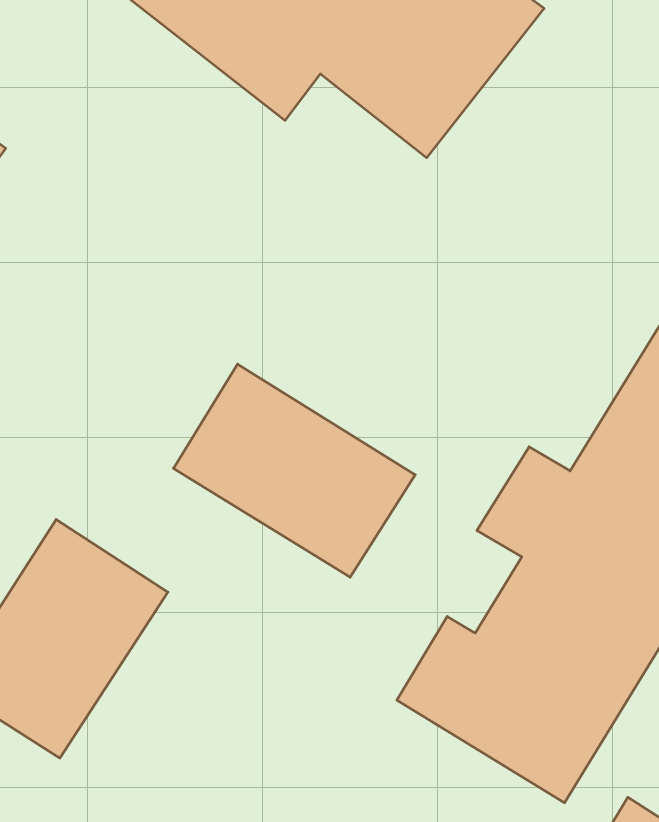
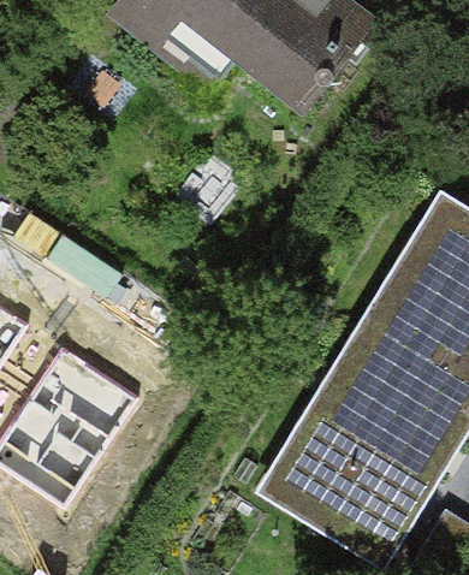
building: [173,364,415,577] -> none

